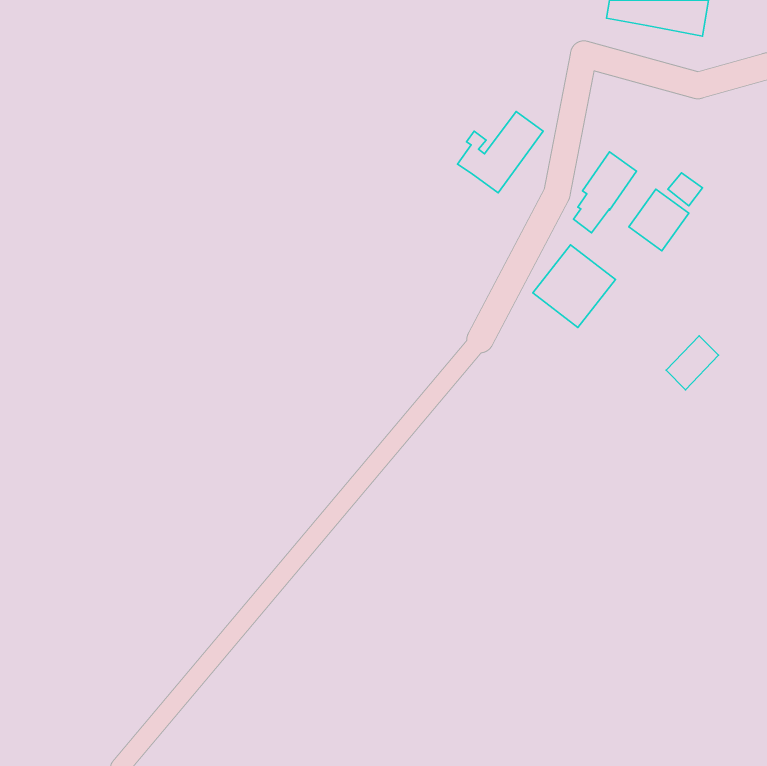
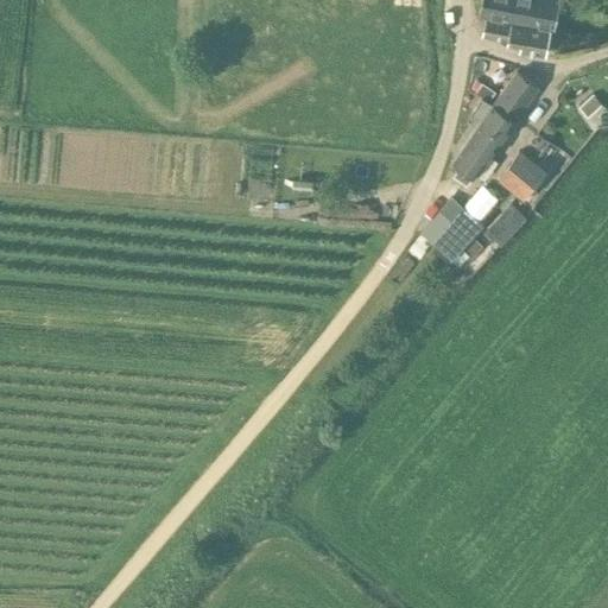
building: none -> [484,20,550,56]
building: [458,112,543,193] -> [471,72,539,137]
building: [666,336,719,390] -> [486,203,527,246]

